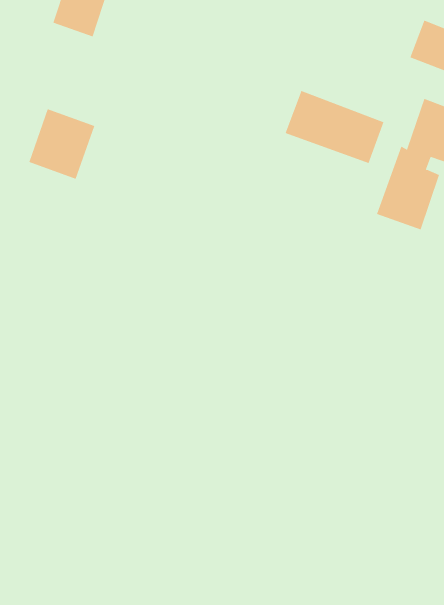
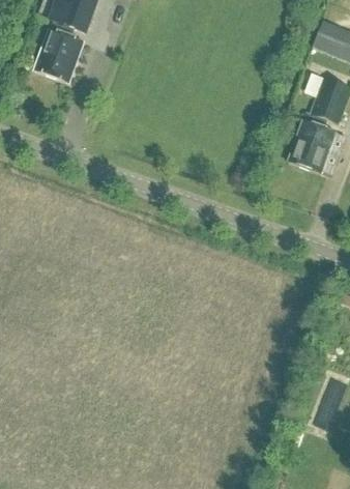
building: [285,90,384,164] -> none
building: [28,108,95,179] -> [34,29,82,80]

